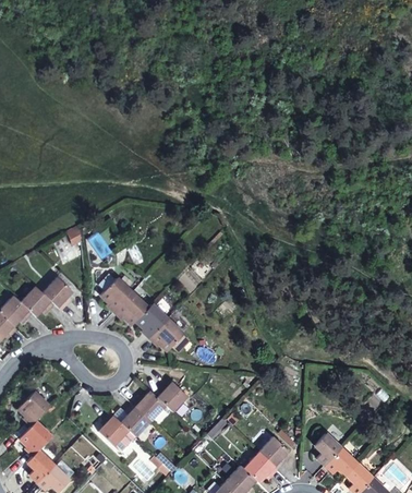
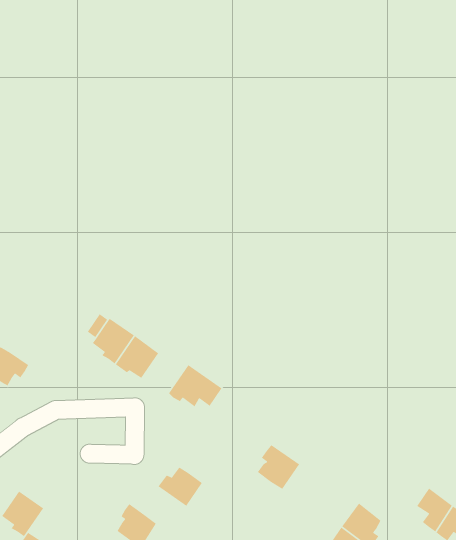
building: [43,276,74,310] -> none
building: [136,303,168,337] -> none
building: [157,377,189,411] -> [257,444,300,490]
building: [121,402,152,436] -> none

